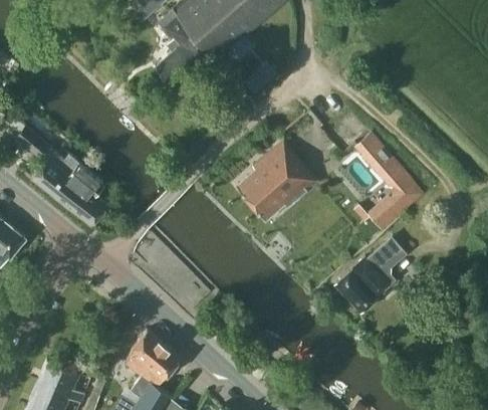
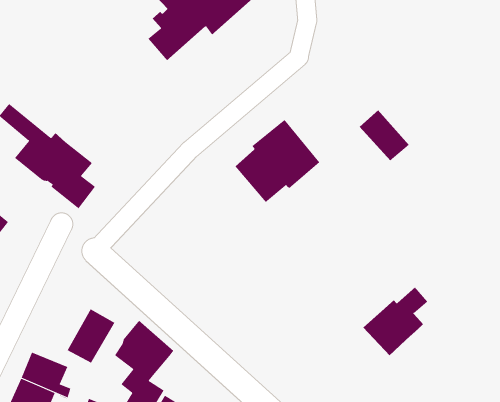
building: [371,165,425,229] -> none
building: [336,245,398,311] -> [363,287,428,356]
building: none -> [67,308,115,363]

